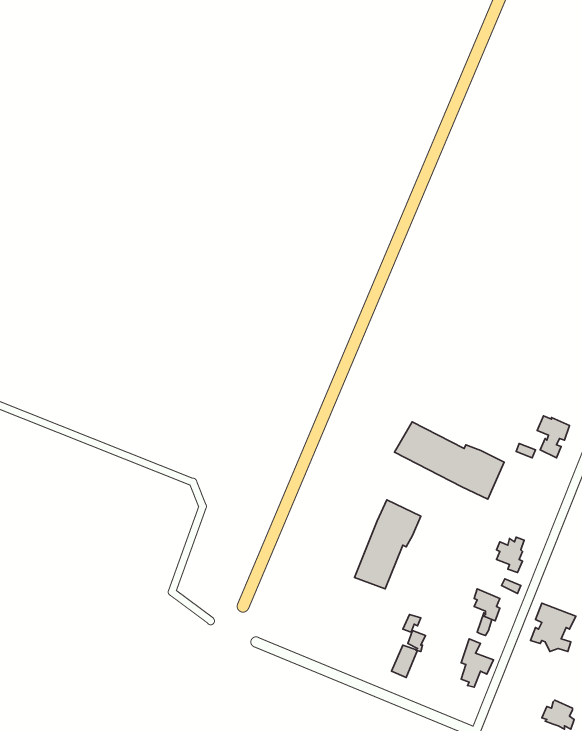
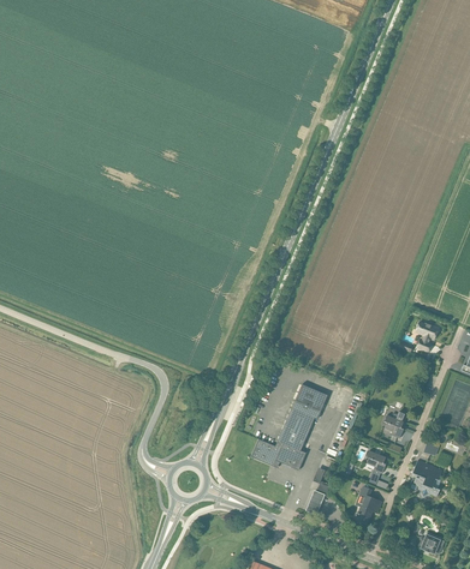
building: [394,422,504,499] -> none
building: none -> [251,438,305,469]

